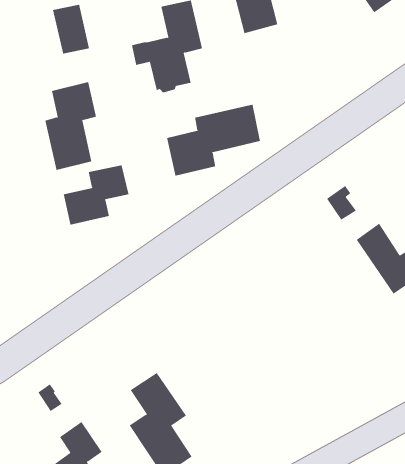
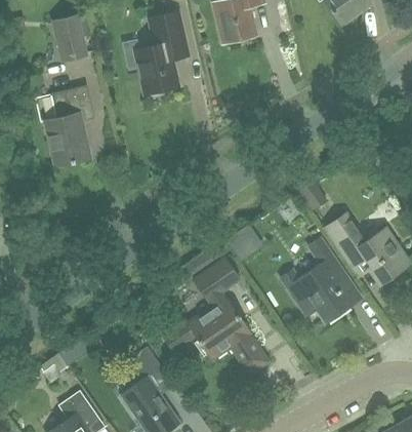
building: [167,104,261,176] -> none
building: [63,165,129,226] -> none
building: none -> [281,238,361,320]
building: none -> [162,258,269,374]

